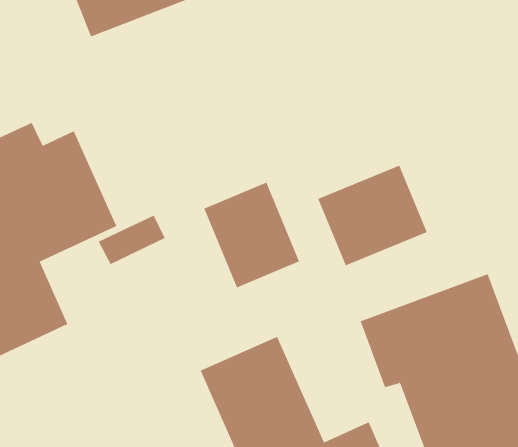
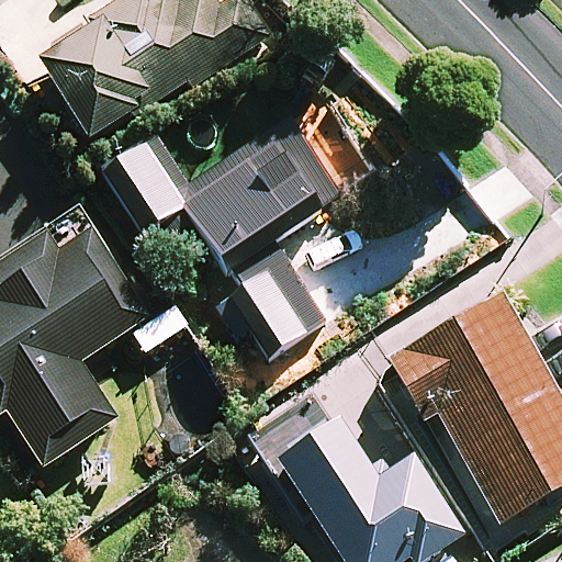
building: none -> [109,123,342,270]
building: [318,165,428,266] -> none

